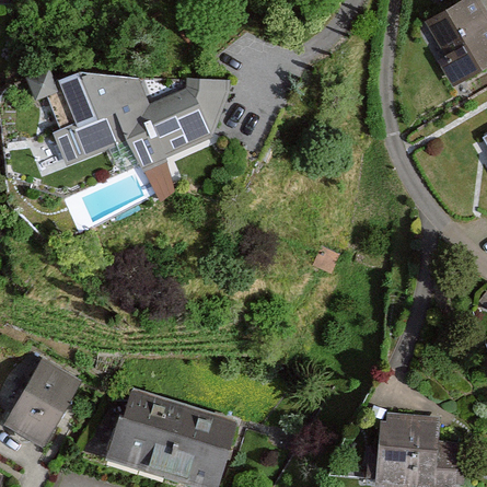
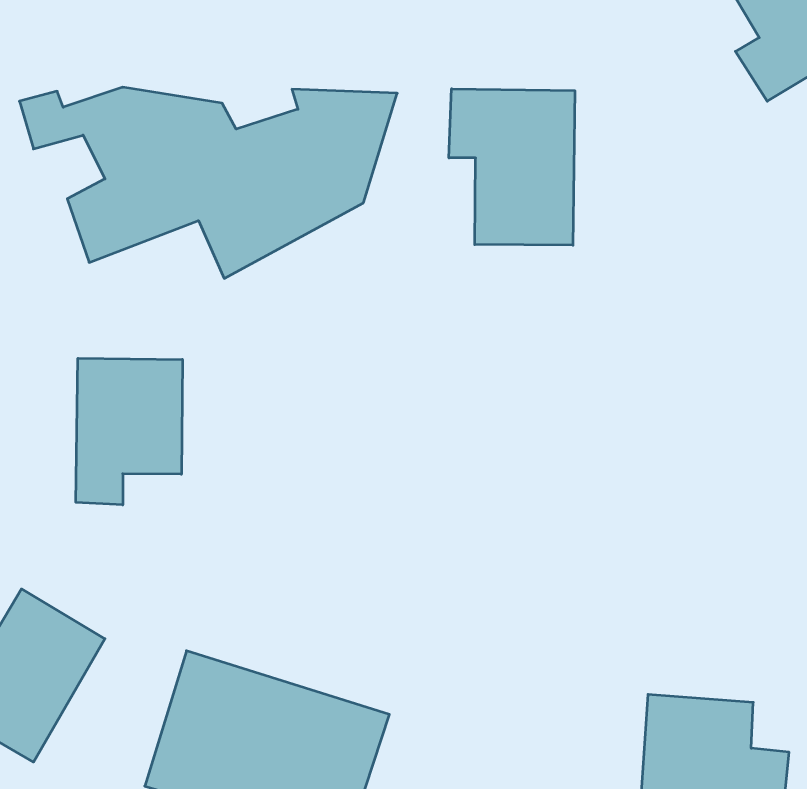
building: none -> [449,89,575,245]
building: none -> [76,358,182,505]

